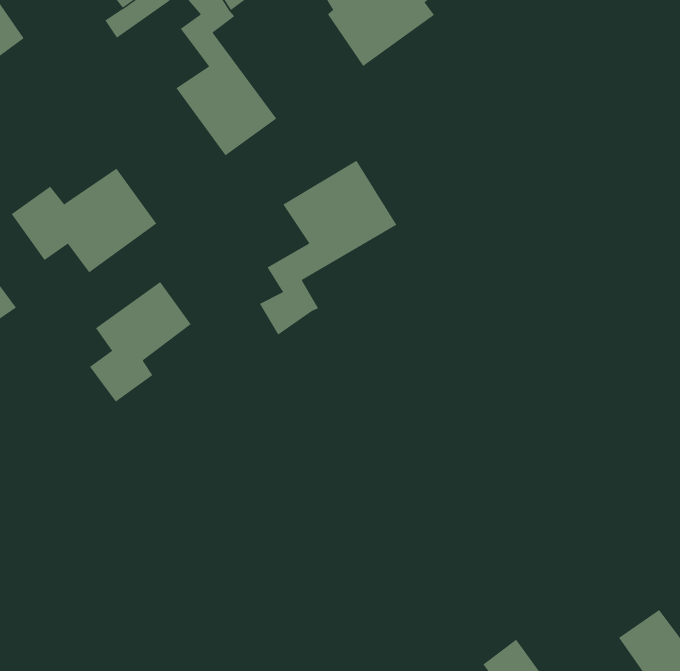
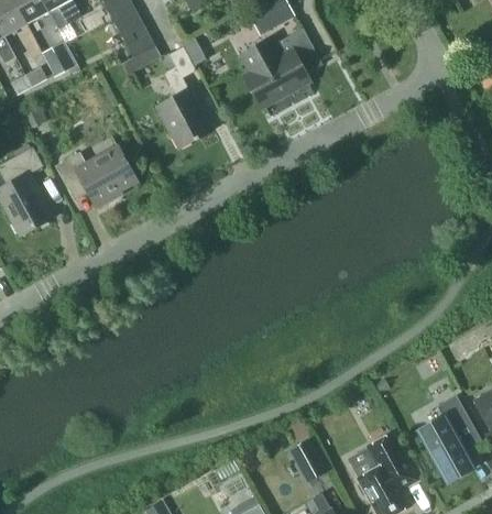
building: [259,160,397,335] -> none
building: [89,281,192,403] -> none

